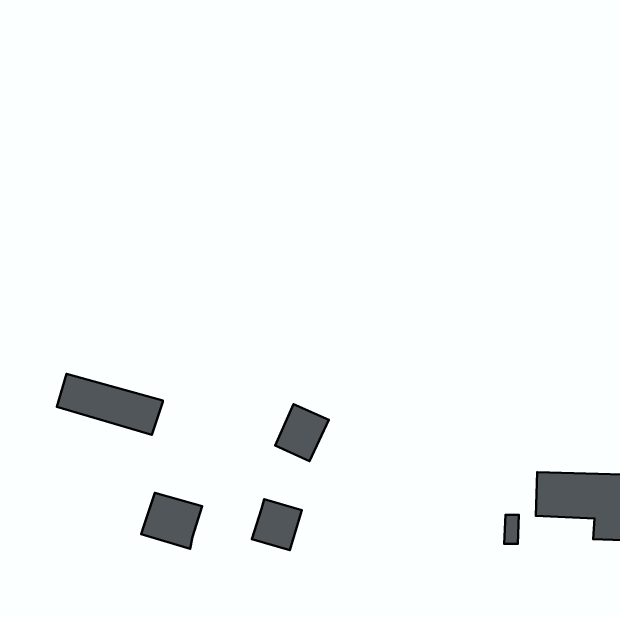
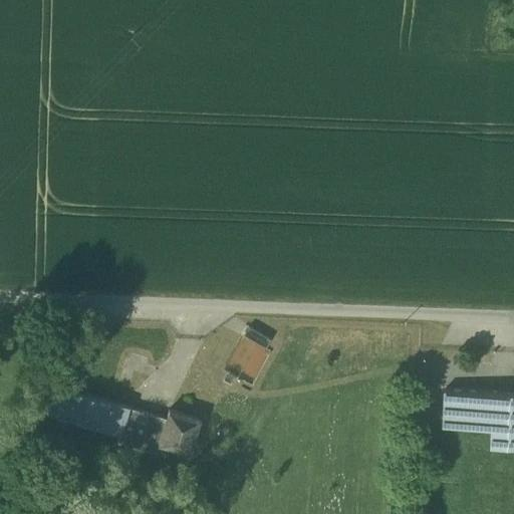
building: [57,374,163,435] -> [42,388,130,438]
building: [252,499,302,550] -> [161,414,202,456]

